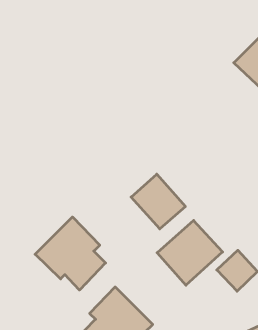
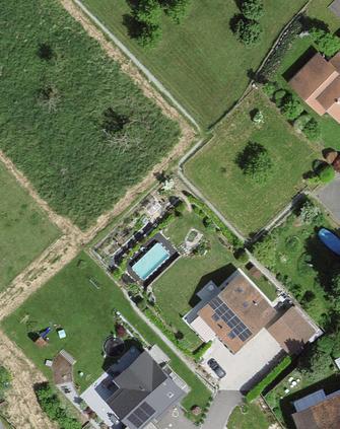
building: [131,174,185,229] -> none
building: [35,217,106,290] -> none

